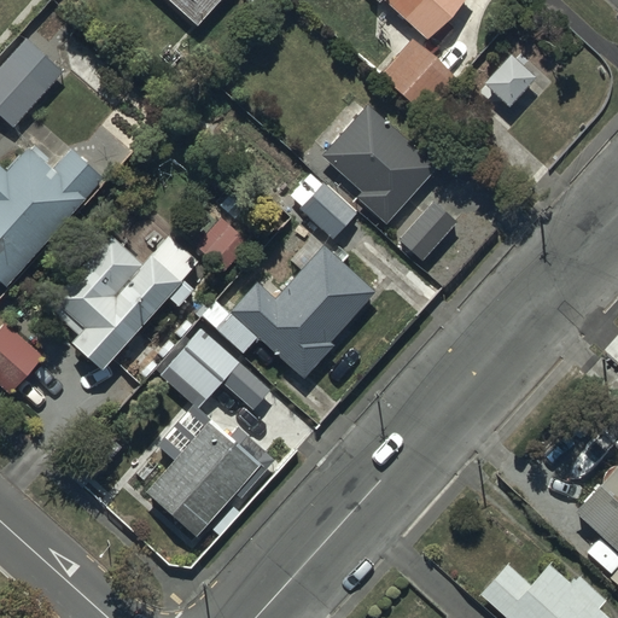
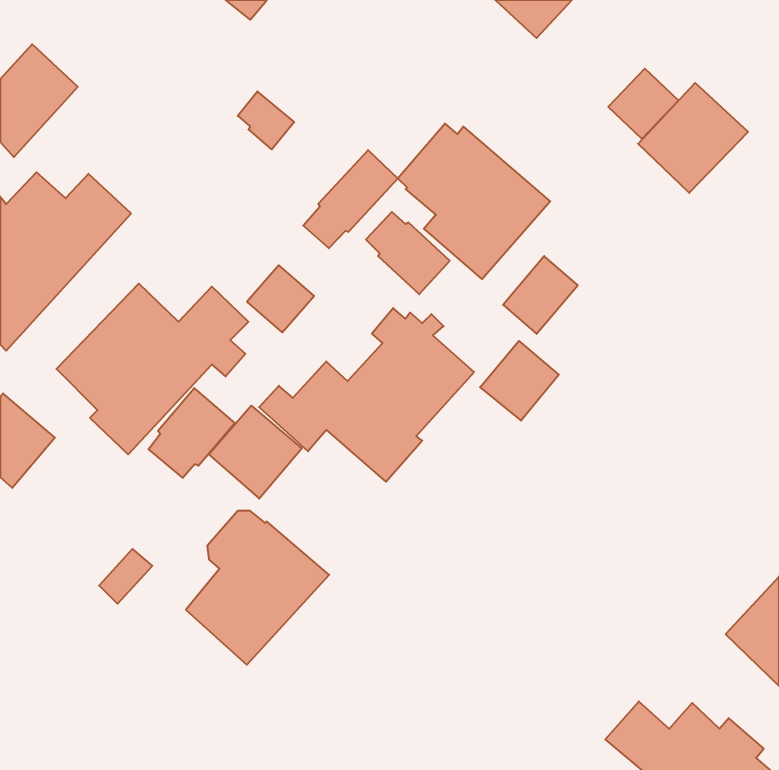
building: [380,40,457,116] -> none
building: none -> [638,83,748,193]
building: none -> [303,150,398,248]
building: none -> [480,341,559,421]
building: none -> [148,388,235,478]

